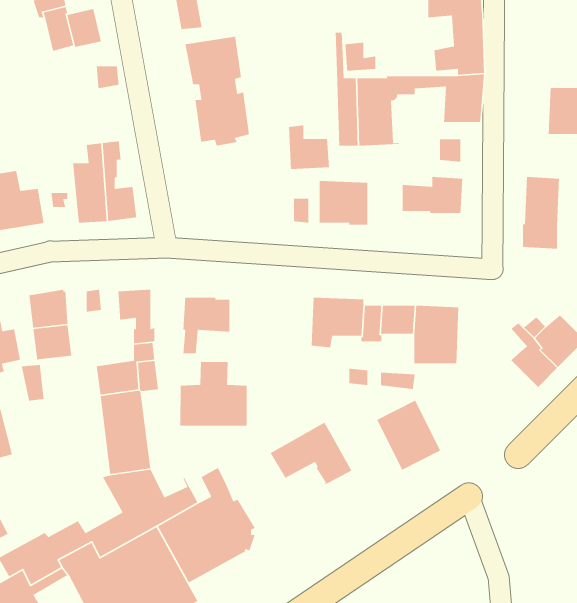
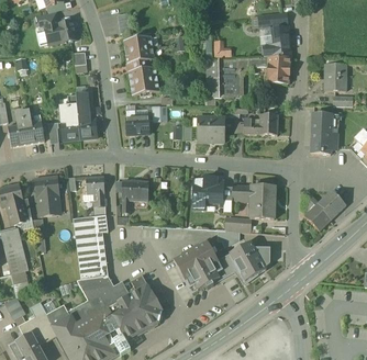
building: [288,124,330,170] -> [126,109,149,134]
building: [180,361,248,427] -> none

